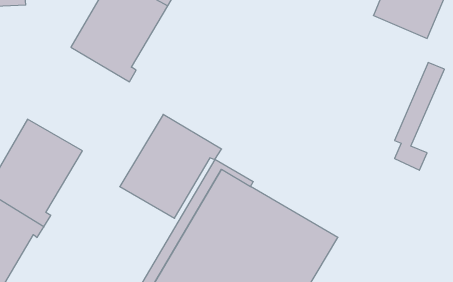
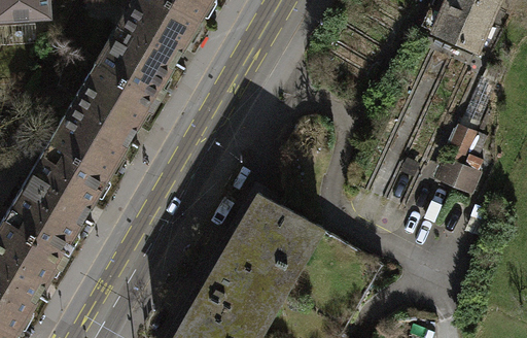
building: [120,114,222,218] -> [49,61,159,172]

